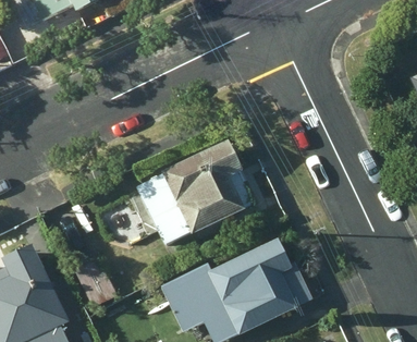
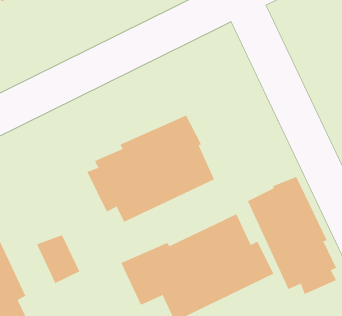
building: none -> [247,176,337,295]

